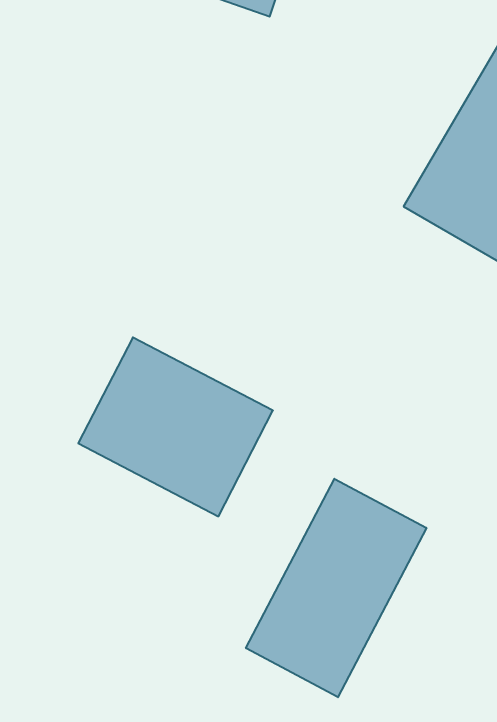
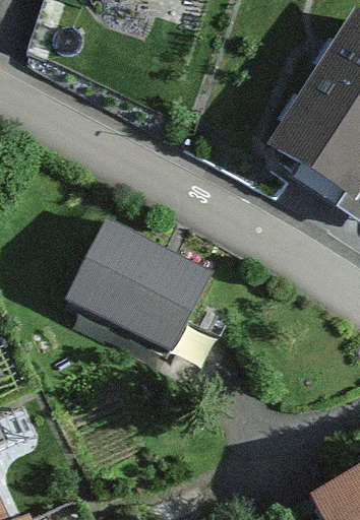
building: [246,479,426,697] -> none

